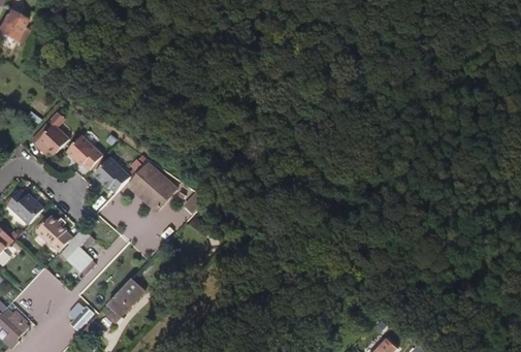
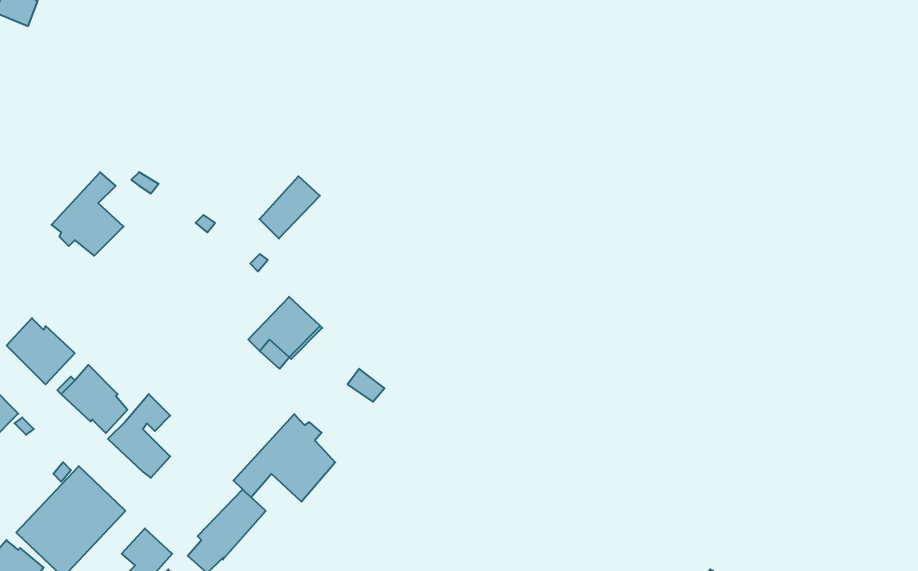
building: [66,135,102,169] -> none
building: [93,156,129,191] -> none
building: [125,166,157,199] -> [259,176,320,239]
building: none -> [233,414,335,502]

